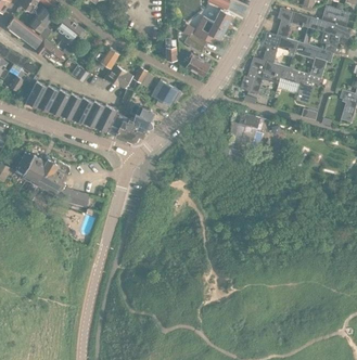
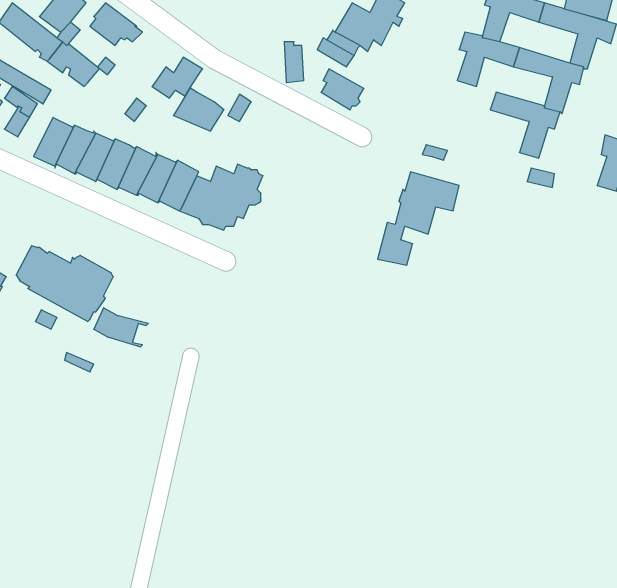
building: [240,57,283,93] -> none
building: [150,79,181,106] -> none

